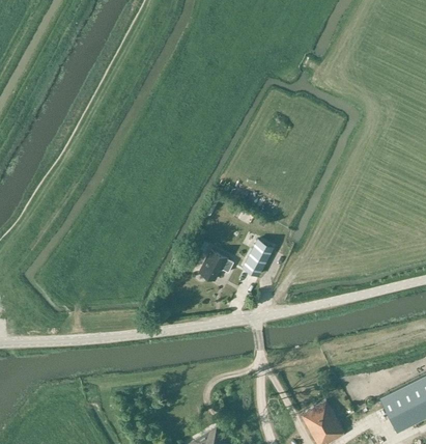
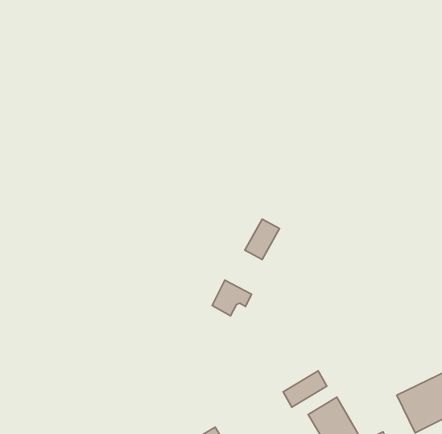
building: [198,249,233,281] -> [212,280,251,316]
building: none -> [283,371,327,407]

